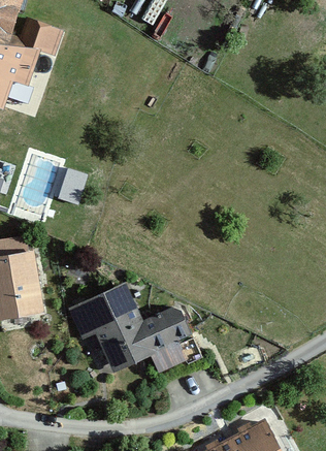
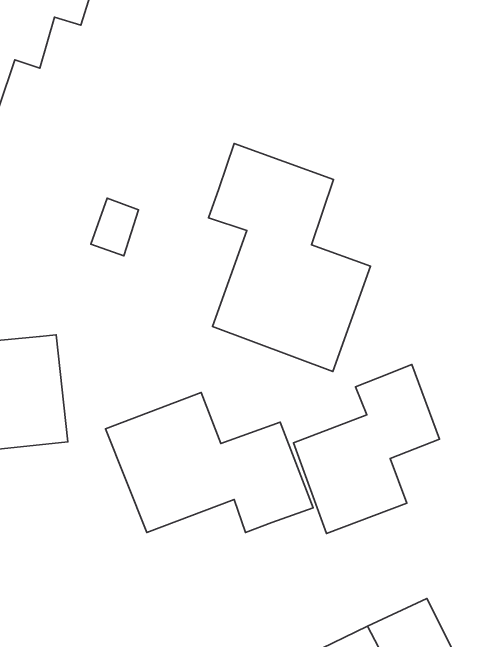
building: none -> [209,143,371,372]
building: none -> [293,365,440,534]

